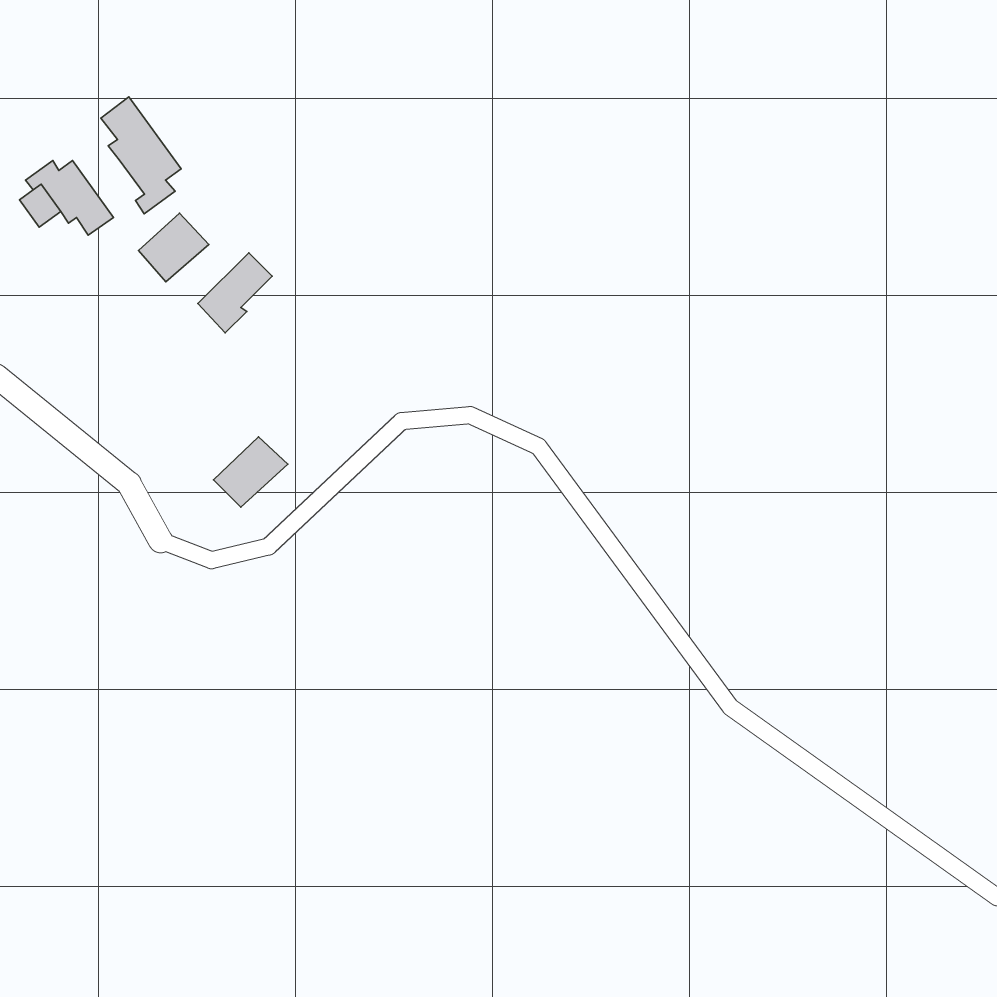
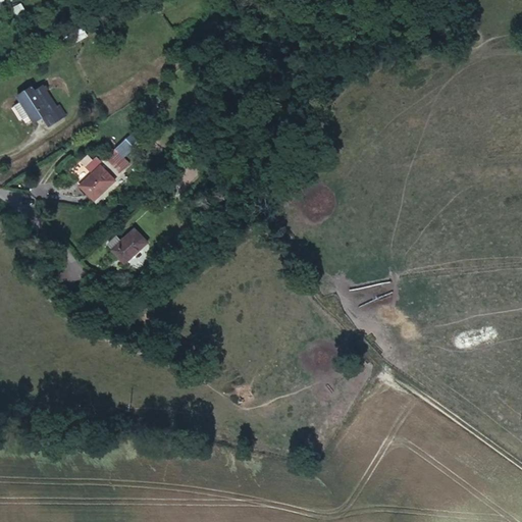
building: [101,97,181,214] -> none
building: [138,213,209,282] -> [79,161,115,197]

